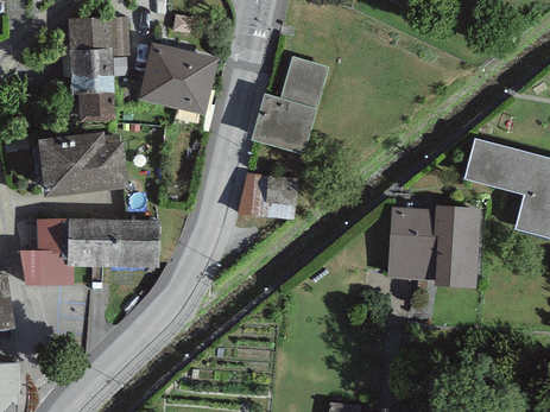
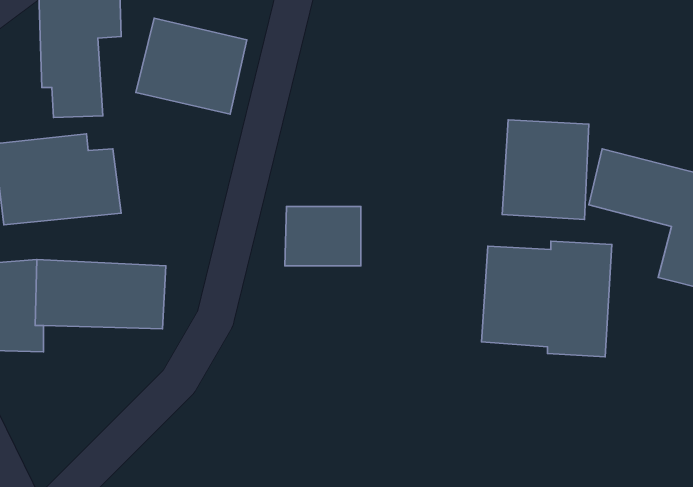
building: [254,57,328,153] -> none
building: none -> [502,120,589,219]

